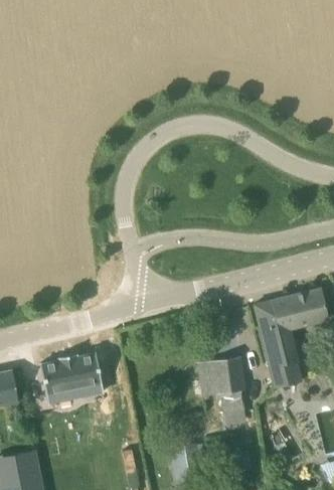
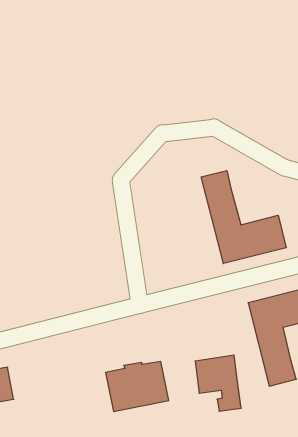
building: none -> [201,171,286,264]
building: [40,354,104,404] -> [106,361,169,412]

